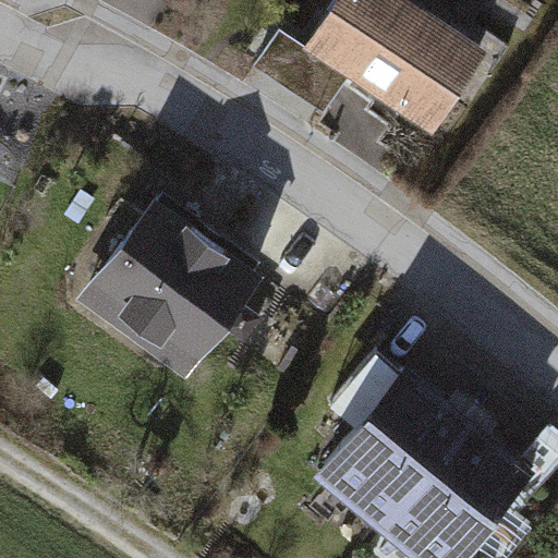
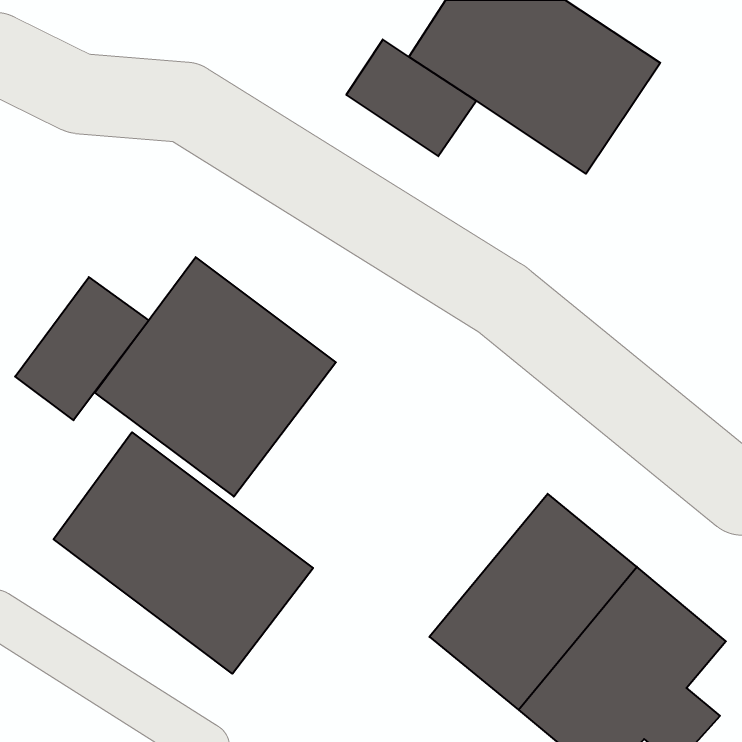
building: none -> [15,277,149,420]
building: none -> [54,432,313,674]

